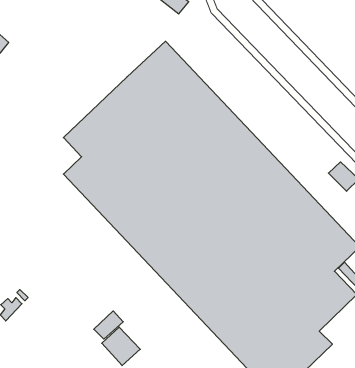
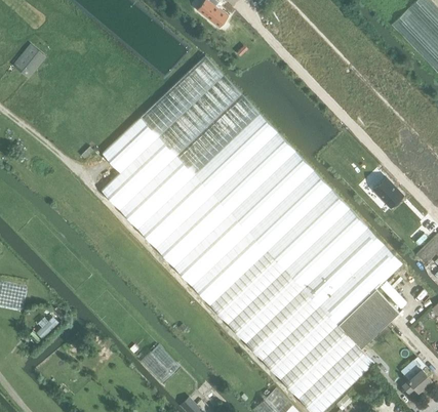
building: [94,311,123,339] -> none

